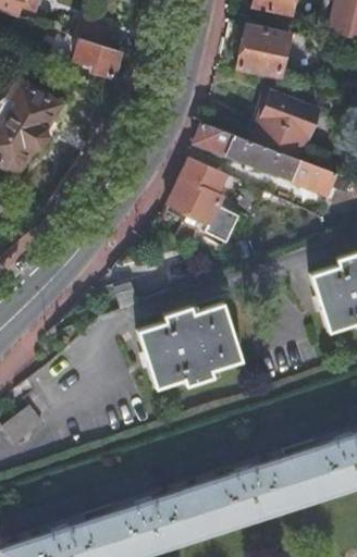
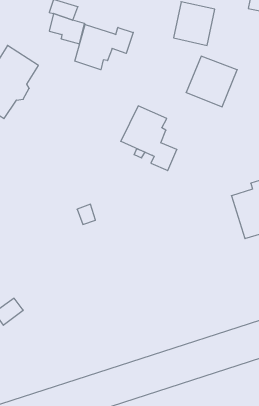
building: none -> [75,24,133,70]
building: [195,122,337,197] -> none
building: [139,302,242,387] -> none

